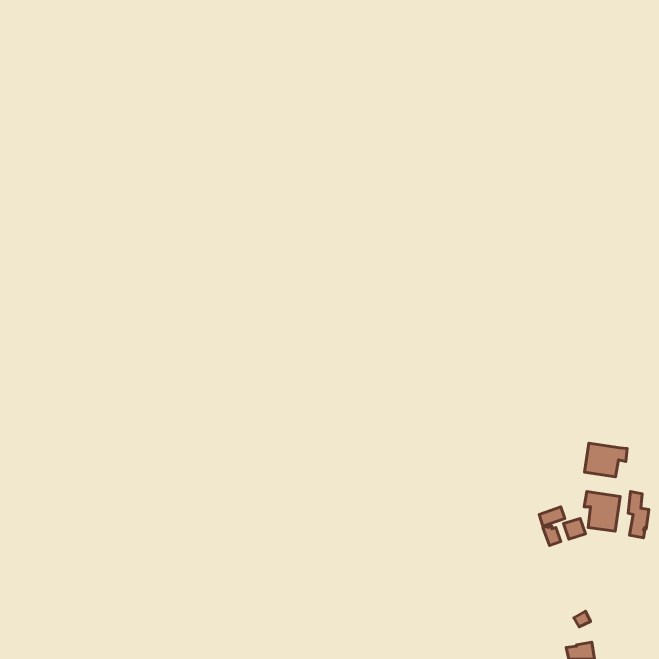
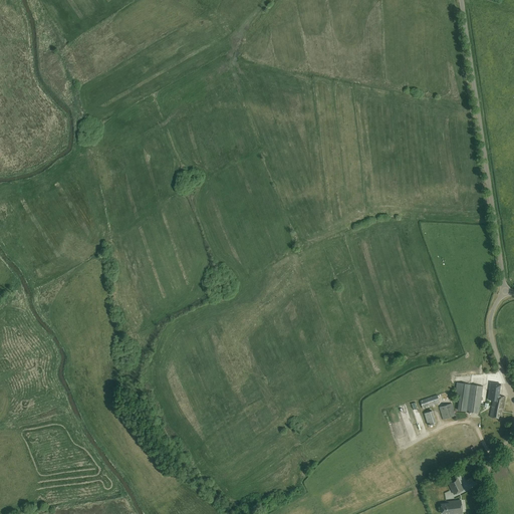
building: [585,443,627,477] -> none

